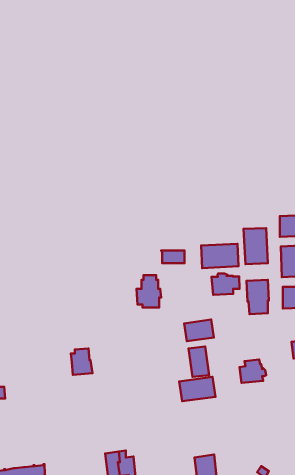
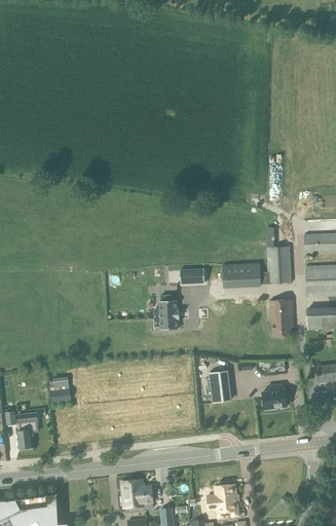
building: [211,273,240,295] -> none
building: [184,320,214,341] -> none
building: [71,349,93,375] -> [49,376,72,404]
building: [179,377,216,401] -> none
building: none -> [17,413,38,449]

